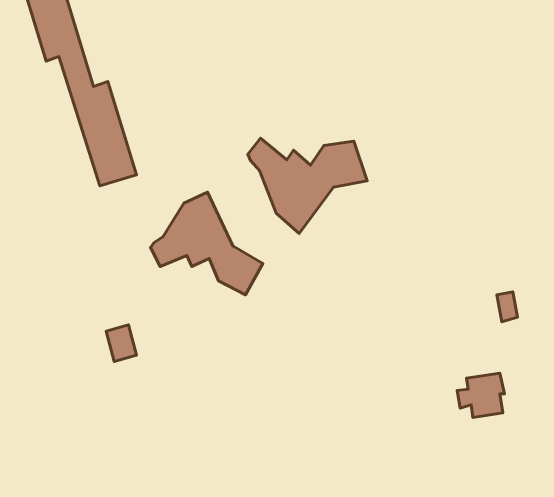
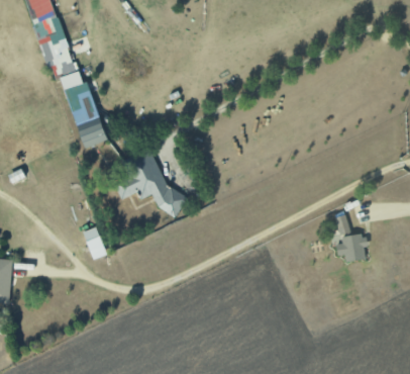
building: [248,138,367,234] -> none
building: [457,373,505,418] -> [336,232,367,261]

